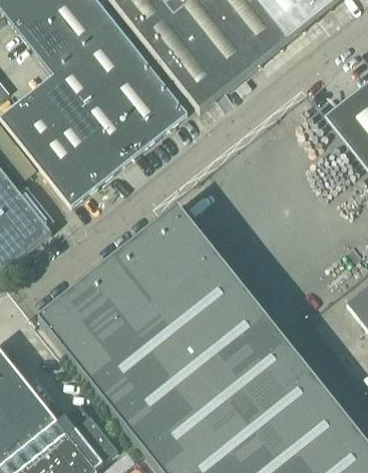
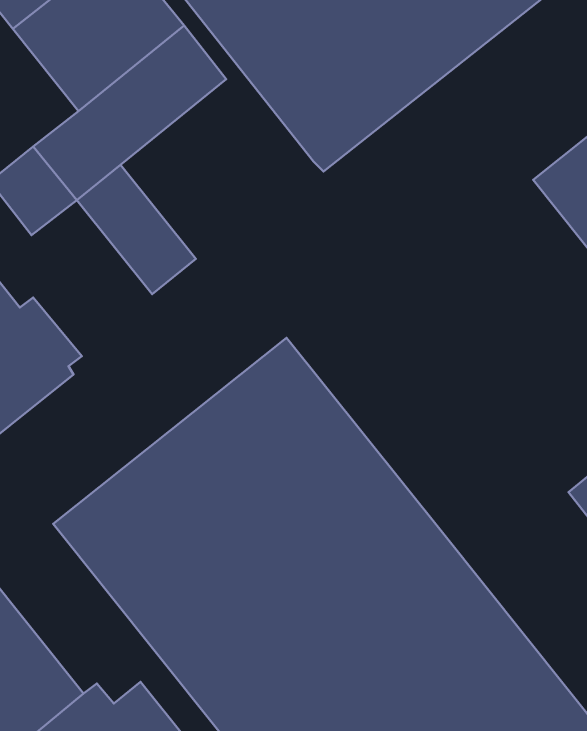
building: [79,55,188,162] -> none
building: [26,127,98,204] -> none

